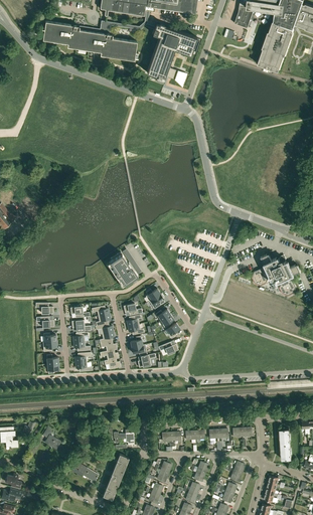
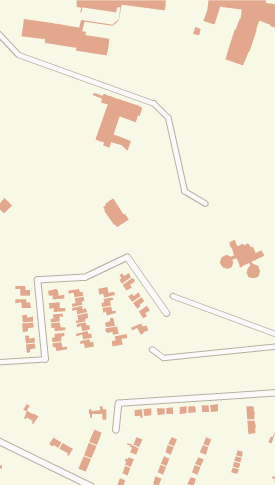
building: [144,23,198,87] -> [92,92,143,152]
building: [109,252,138,285] -> [102,198,130,228]

